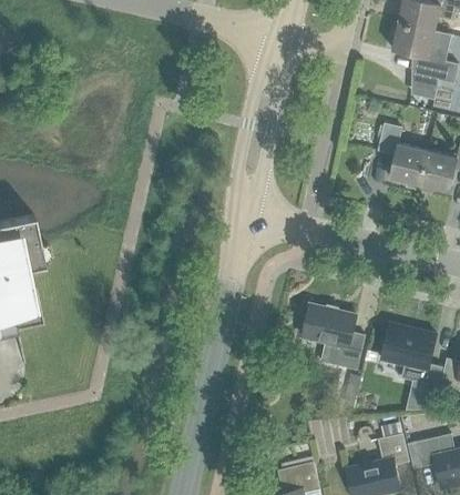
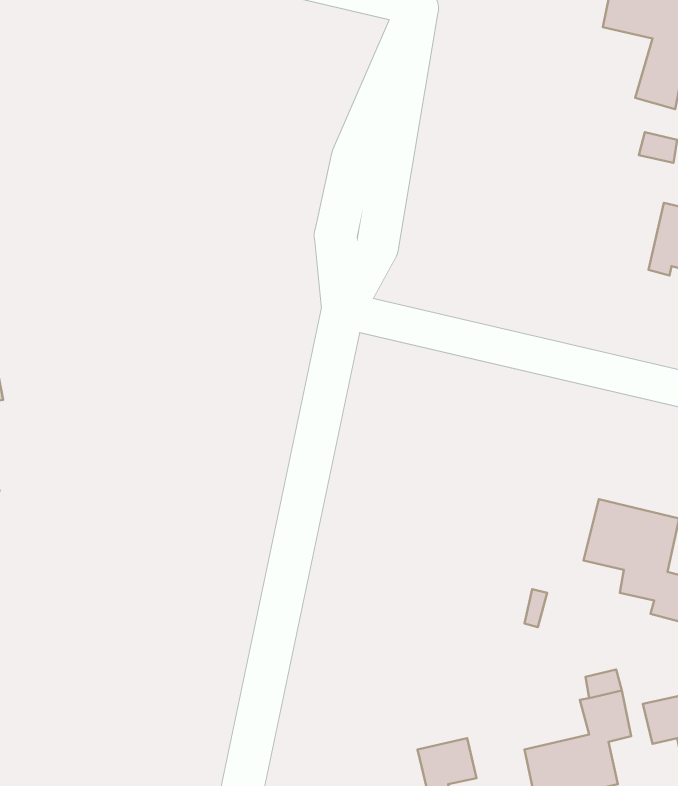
building: [378,124,428,191] -> none
building: [303,305,366,371] -> none

